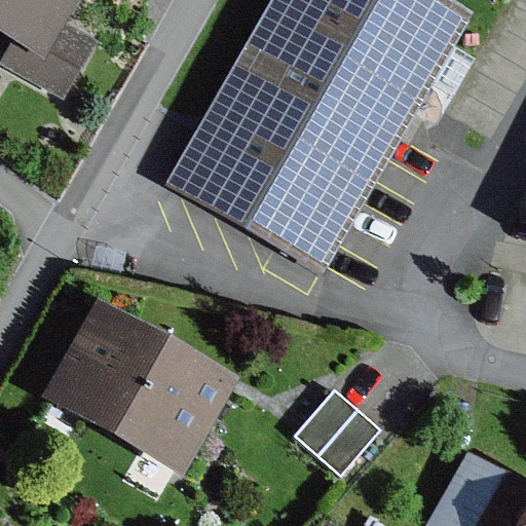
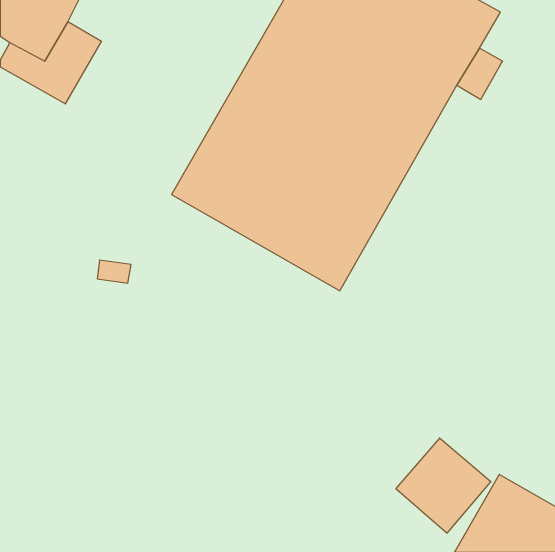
building: [42,297,238,475] -> none
building: [295,385,384,475] -> [396,438,491,533]

